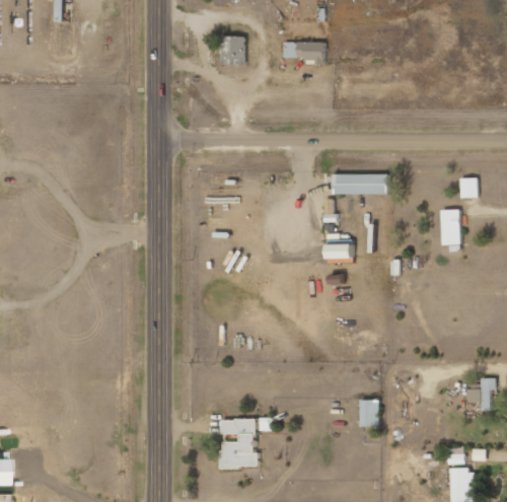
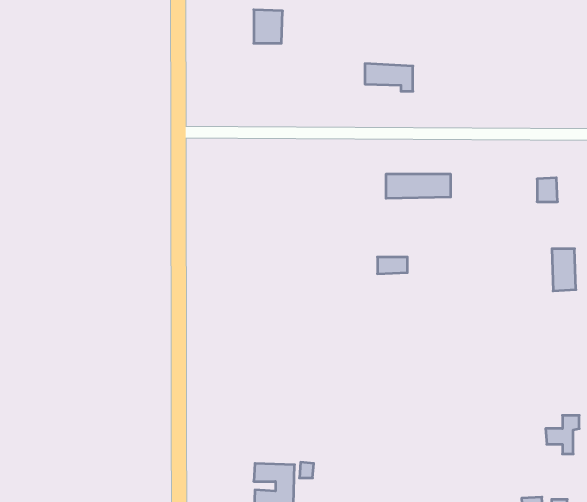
building: [283,41,323,64] -> [365,64,413,91]
building: [439,210,459,245] -> [552,249,576,291]
building: [359,401,378,426] -> none

